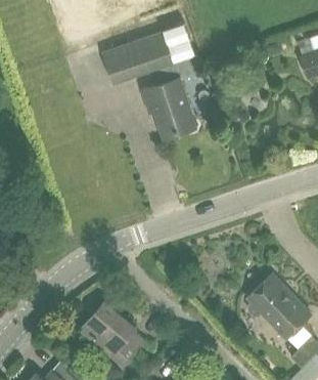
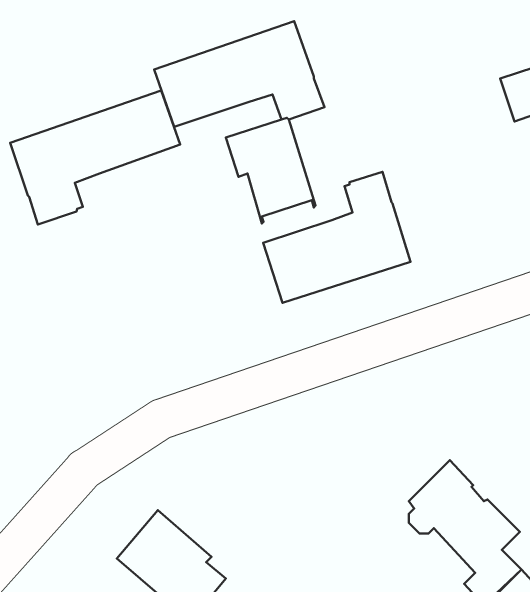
building: none -> [10,90,180,225]
building: none -> [263,172,411,303]

